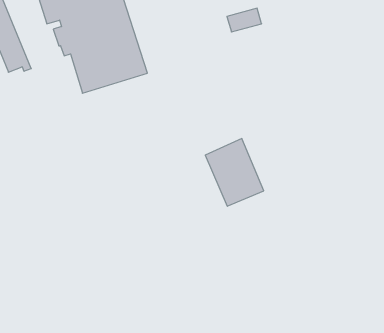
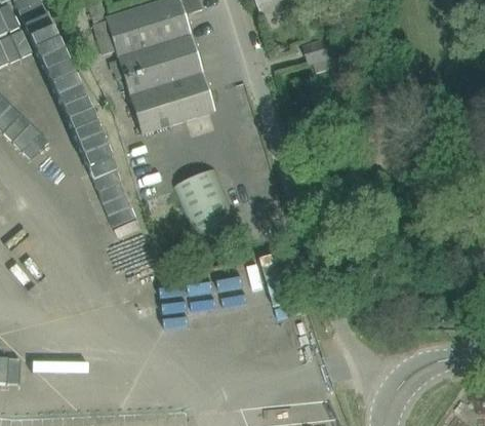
building: none -> [80,115,136,232]
building: [205,139,264,206] -> [173,167,239,243]

